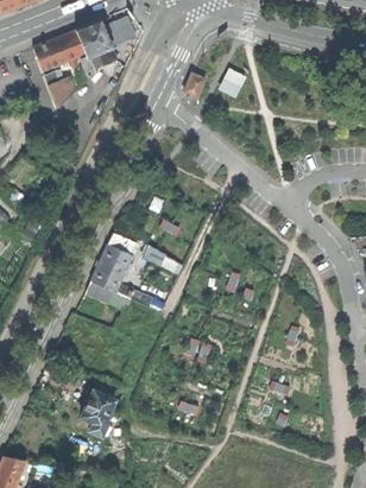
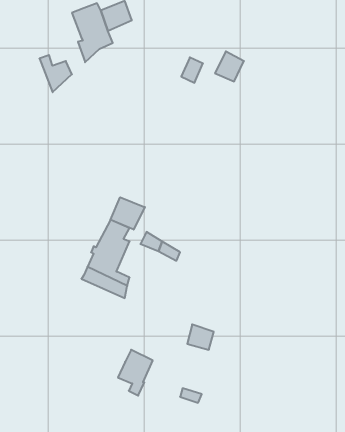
building: [31,26,83,69] -> none
building: none -> [110,197,145,230]
building: [78,386,113,431] -> [118,350,153,396]

